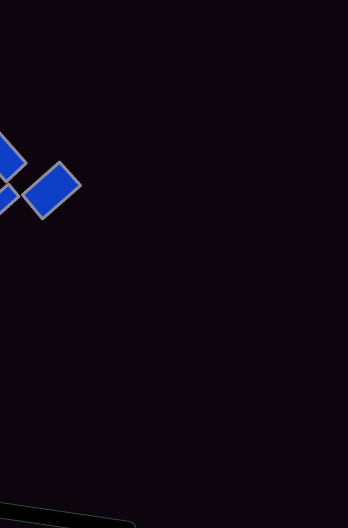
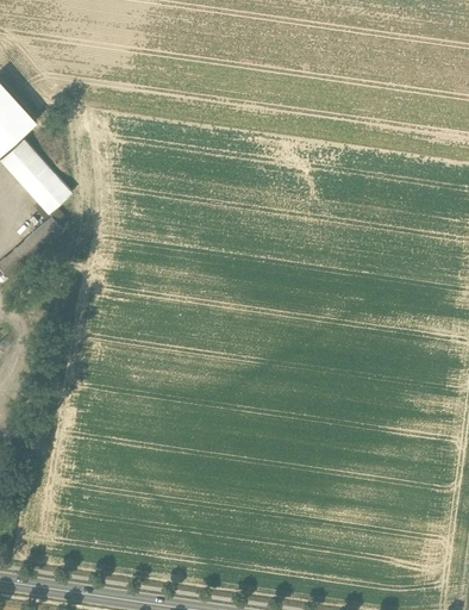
building: [22,162,81,219] -> none

